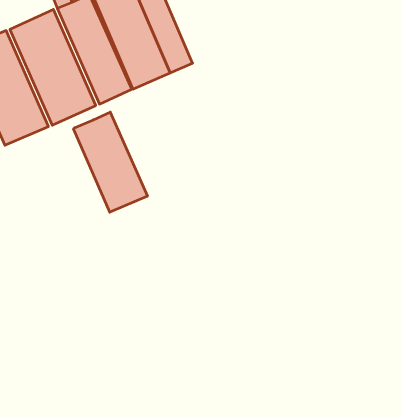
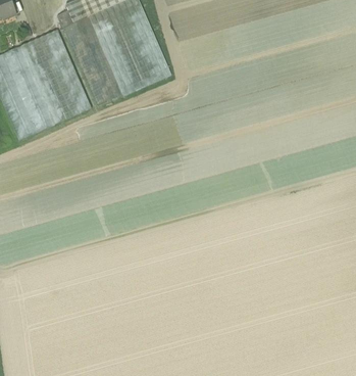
building: [74,112,147,212] -> none

